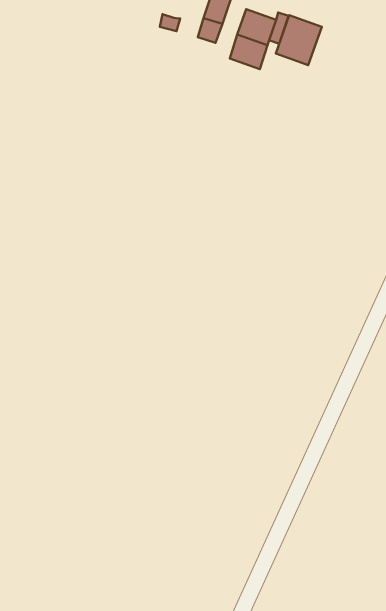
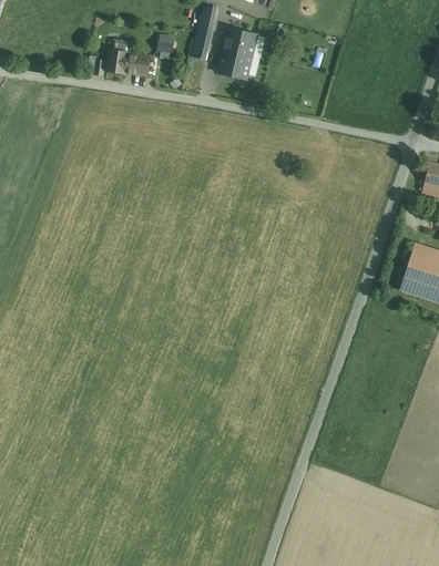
building: [276,15,322,65] -> none
building: none -> [105,50,149,75]

